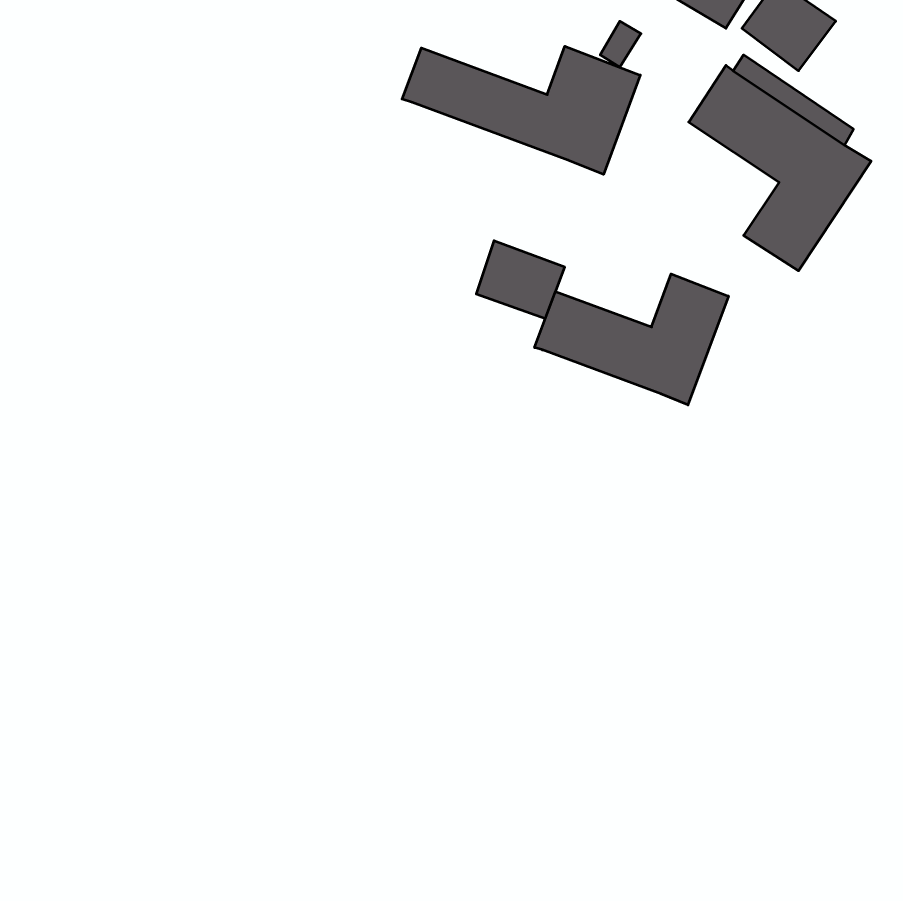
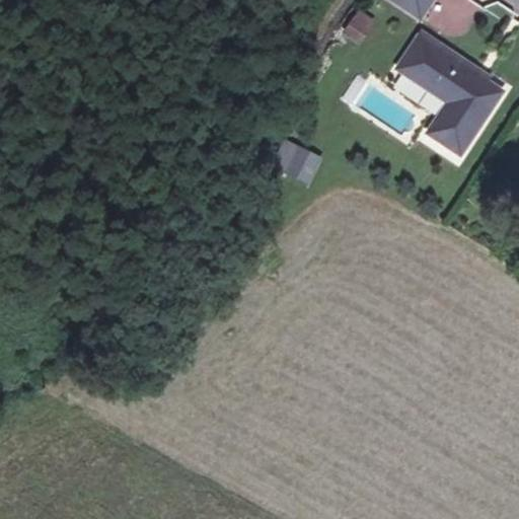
building: [402,46,640,174] -> none
building: [535,274,728,405] -> none

